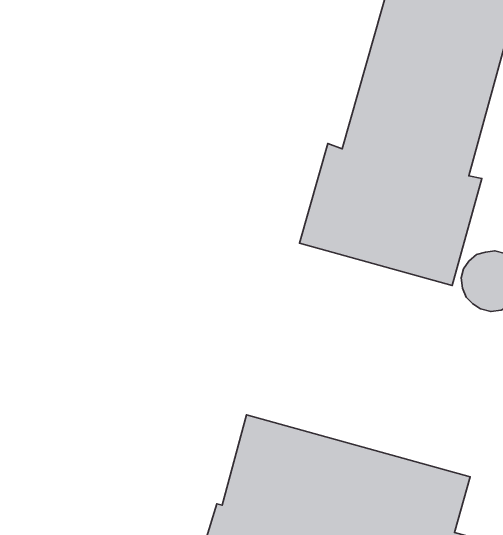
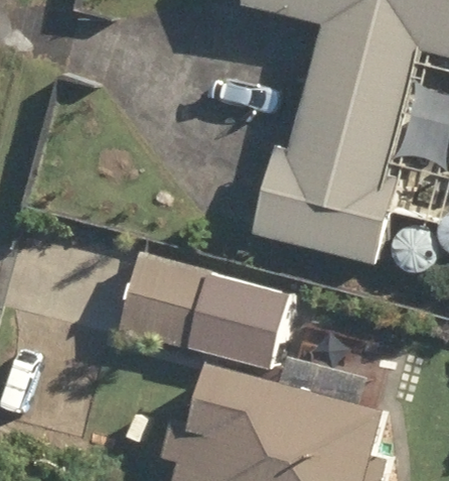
building: none -> [119,250,288,367]

